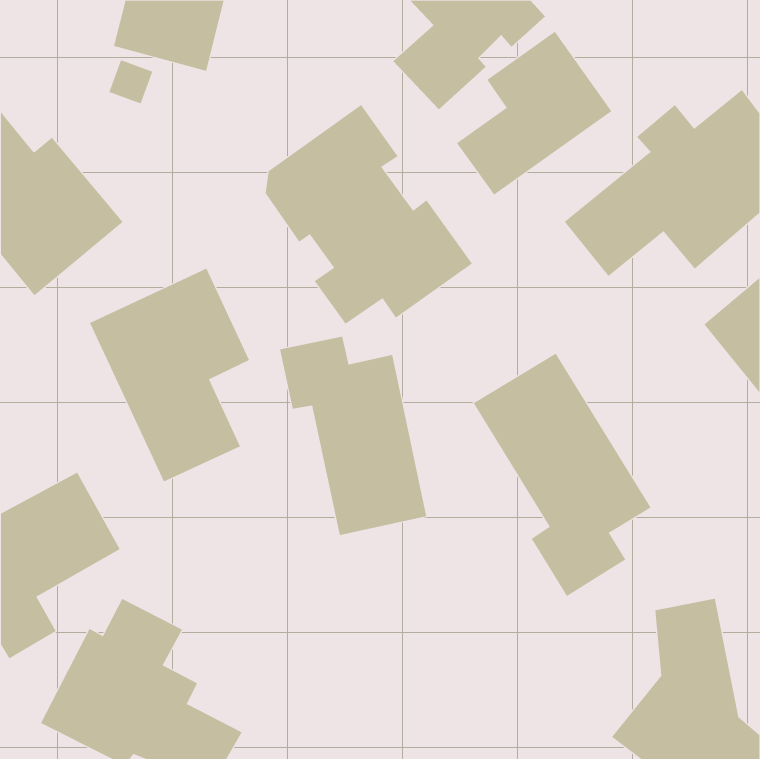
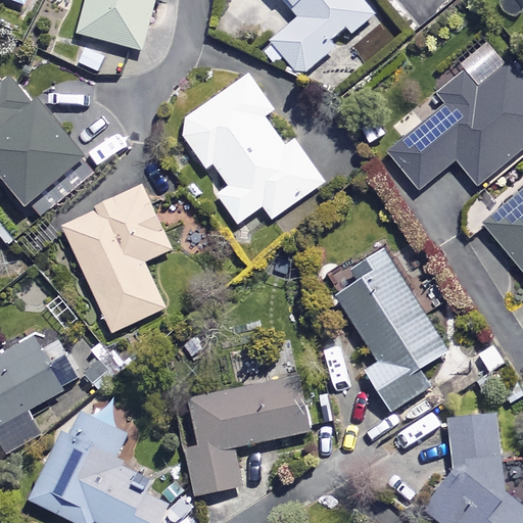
building: [456,31,612,196] -> none
building: [280,336,427,536] -> none
building: none -> [184,374,306,494]

